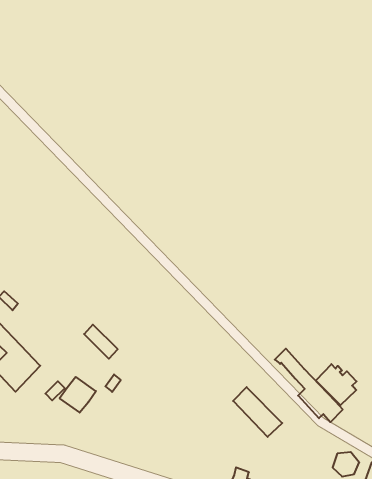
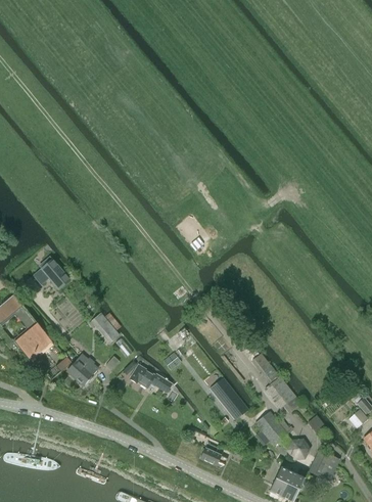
building: none -> [33,257,69,289]
building: [316,364,357,405] -> [254,411,288,446]
building: none -> [129,365,170,393]

